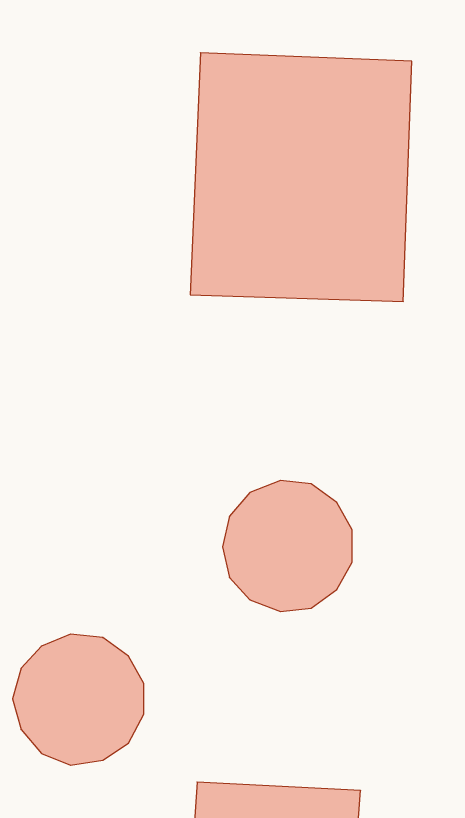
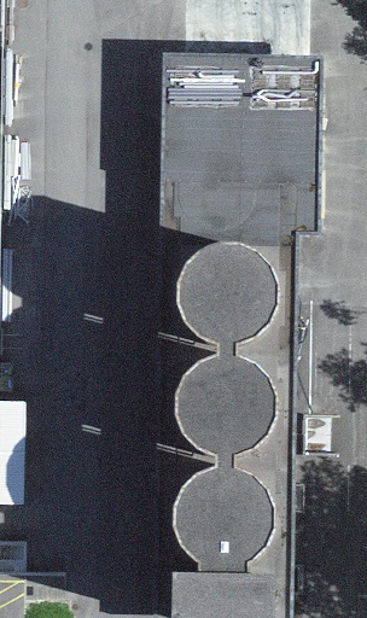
building: none -> [182,250,275,342]
building: [13,634,144,765] -> [170,466,263,559]

